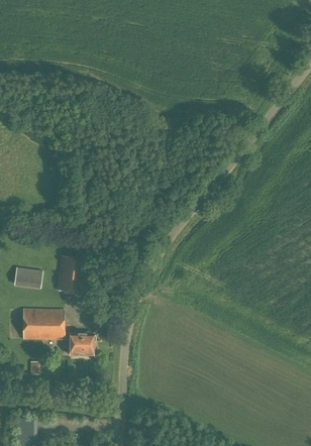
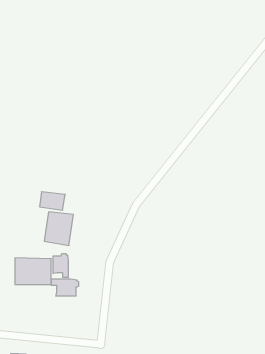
building: [14,267,43,289] -> [40,192,65,210]
building: none -> [53,254,68,277]

